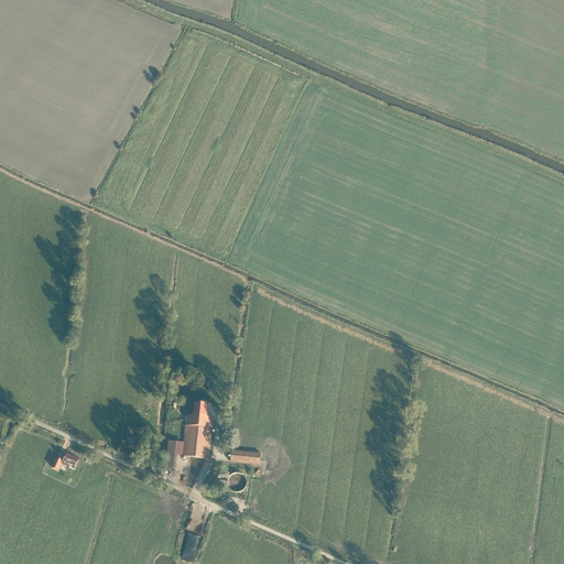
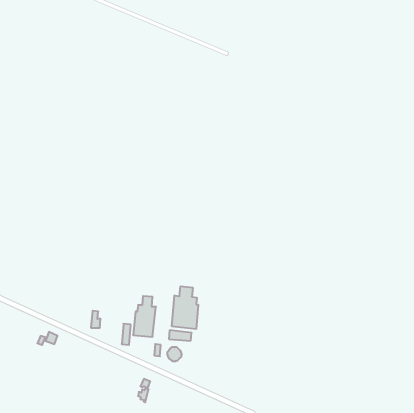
building: none -> [172,286,198,329]

